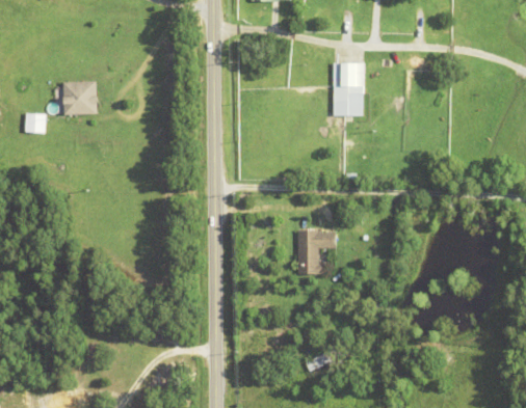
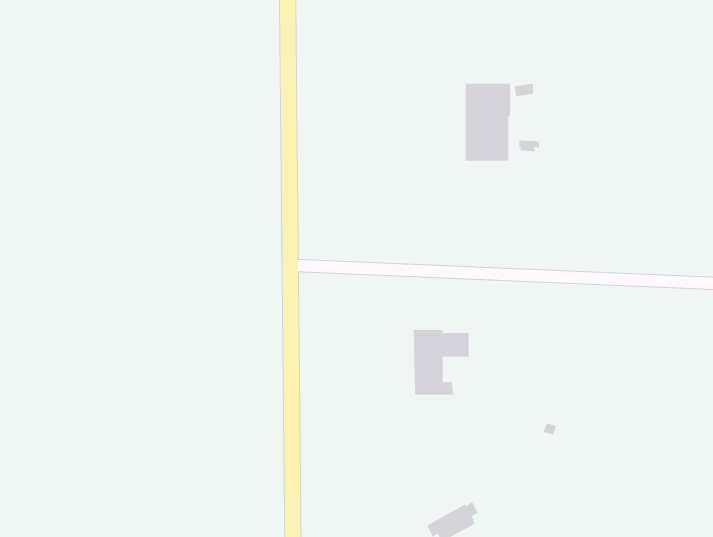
building: [62,81,96,114] -> none
building: [25,111,46,132] -> none

